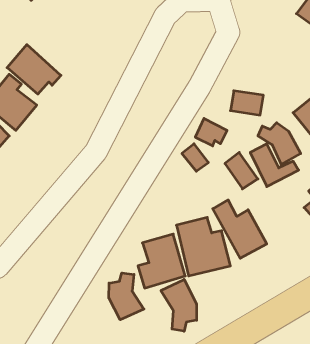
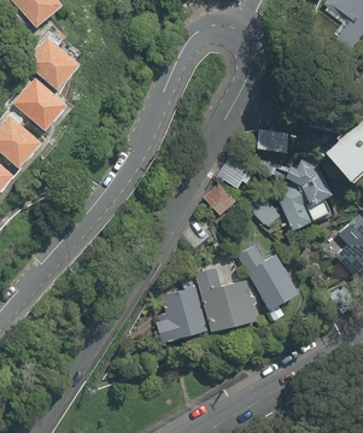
building: none -> [25,34,84,92]
building: [109,273,144,320] -> none
building: [161,279,197,331] -> none

